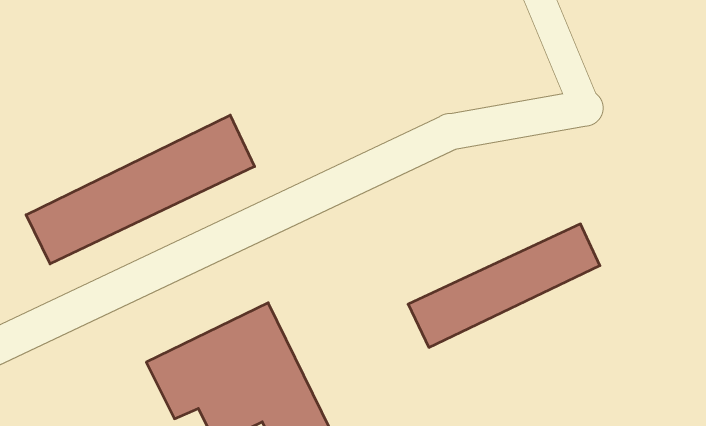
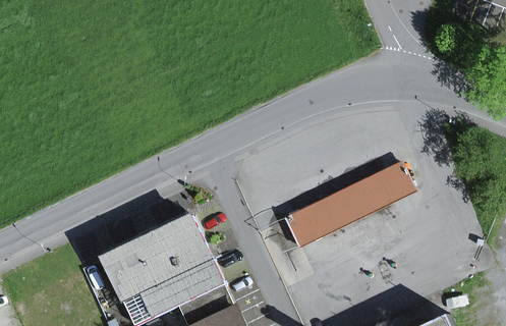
building: [26,115,255,264] -> none

